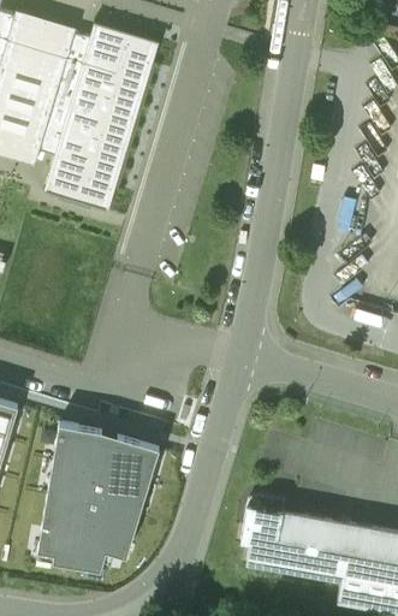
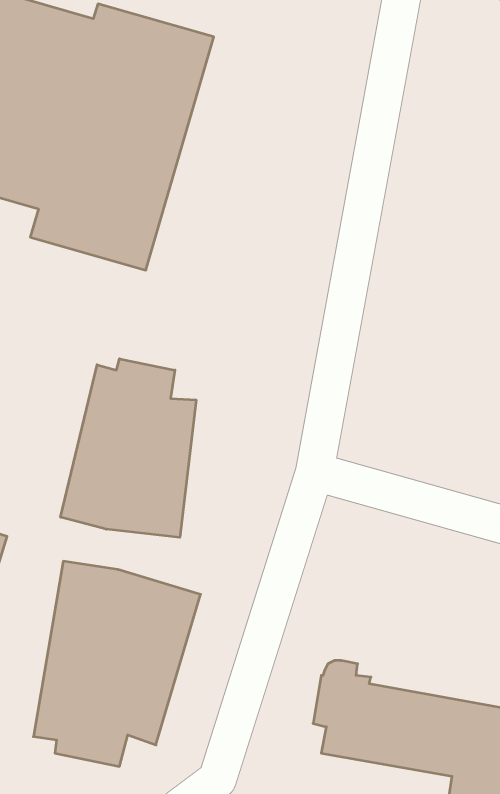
building: none -> [61,359,196,537]

